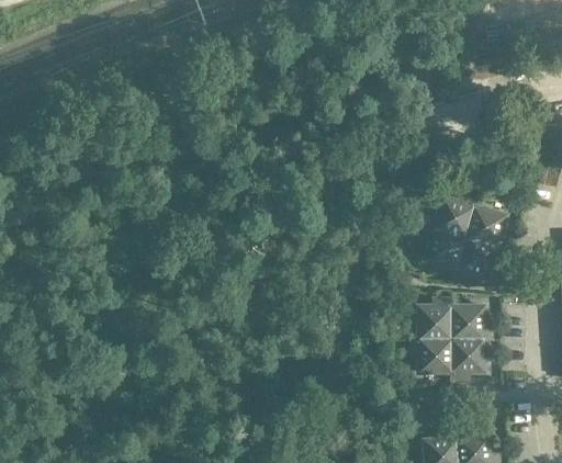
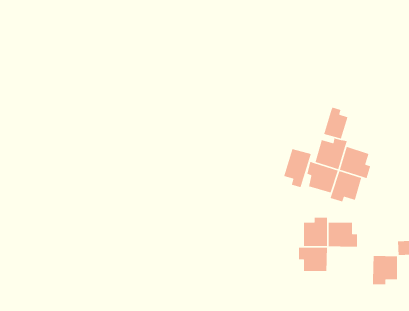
building: none -> [323,106,349,139]
building: none -> [283,148,312,188]
building: [451,338,485,377] -> [372,255,398,285]

